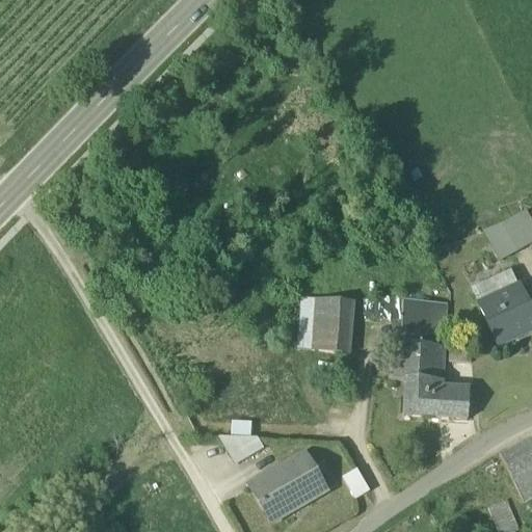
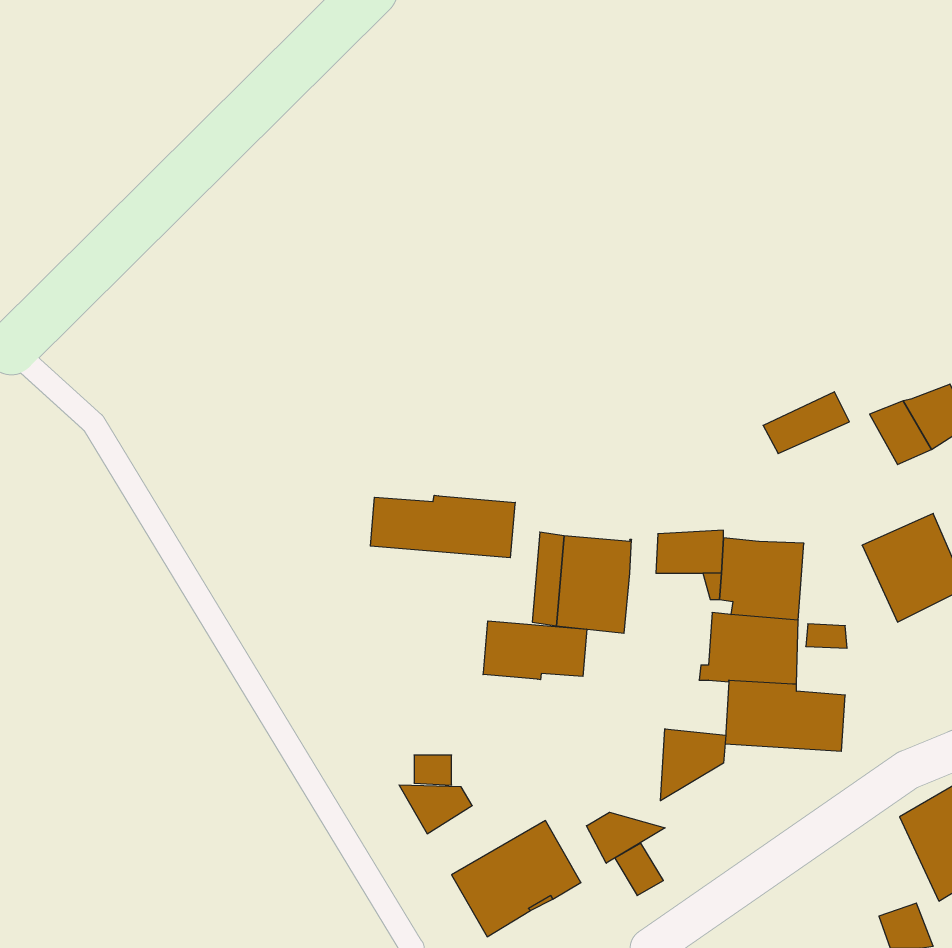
building: [473,268,521,302] -> [763,392,849,454]
building: none -> [370,495,515,558]
building: none -> [483,621,587,680]
building: none -> [660,729,726,801]
building: none -> [586,812,665,863]

